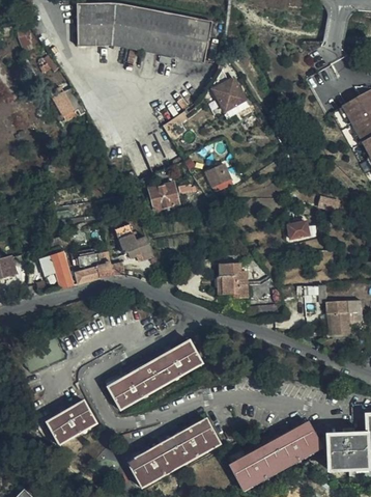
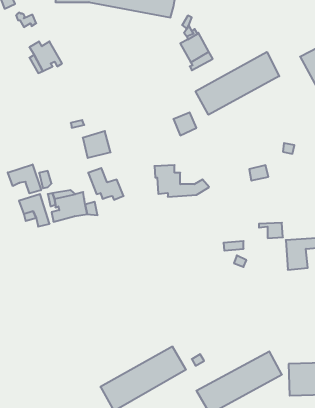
building: none -> [196,52,279,115]
building: [148,181,178,210] -> [83,131,111,158]
building: none -> [8,164,41,193]
building: [218,263,277,297] -> [154,165,209,197]
building: [107,339,200,409] -> none
building: [45,399,96,445] -> none

